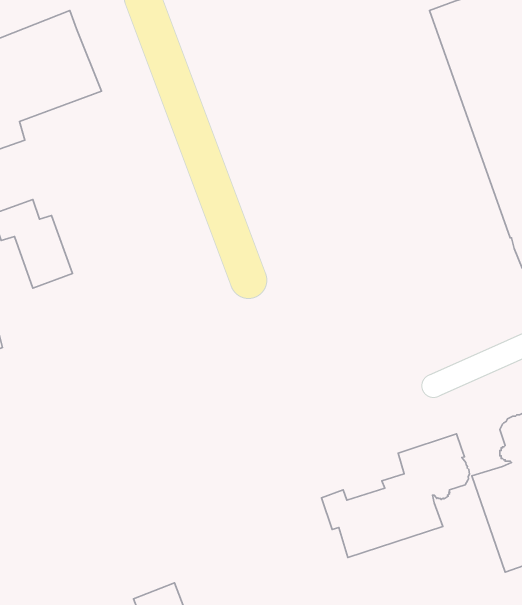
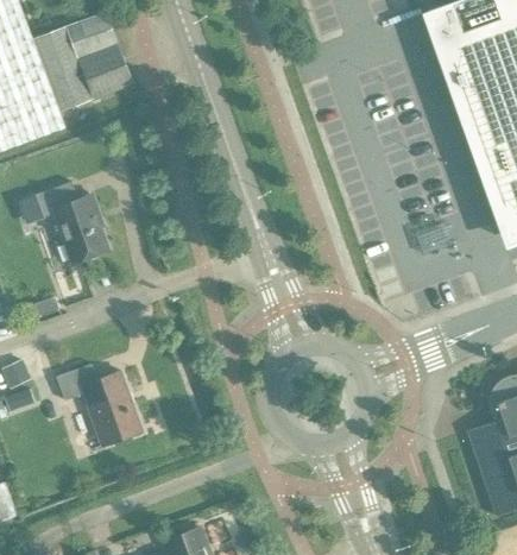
building: none -> [56,364,143,444]
building: [322,434,469,558] -> none

